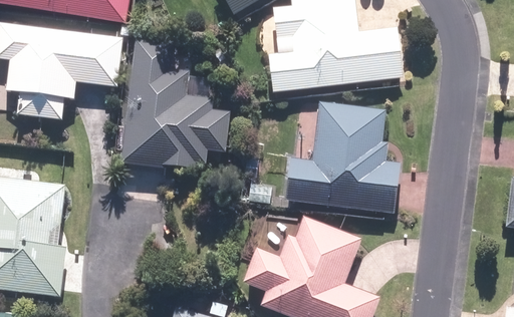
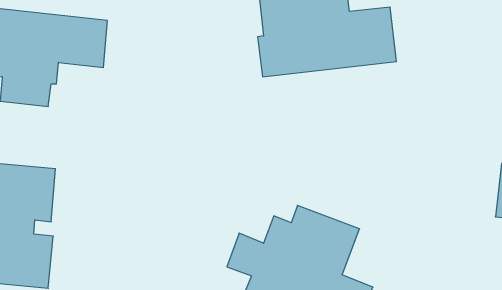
building: [121,38,229,171] -> none
building: [283,102,401,212] -> none

